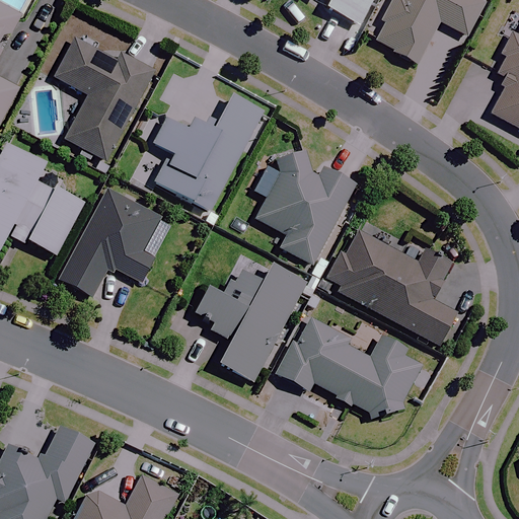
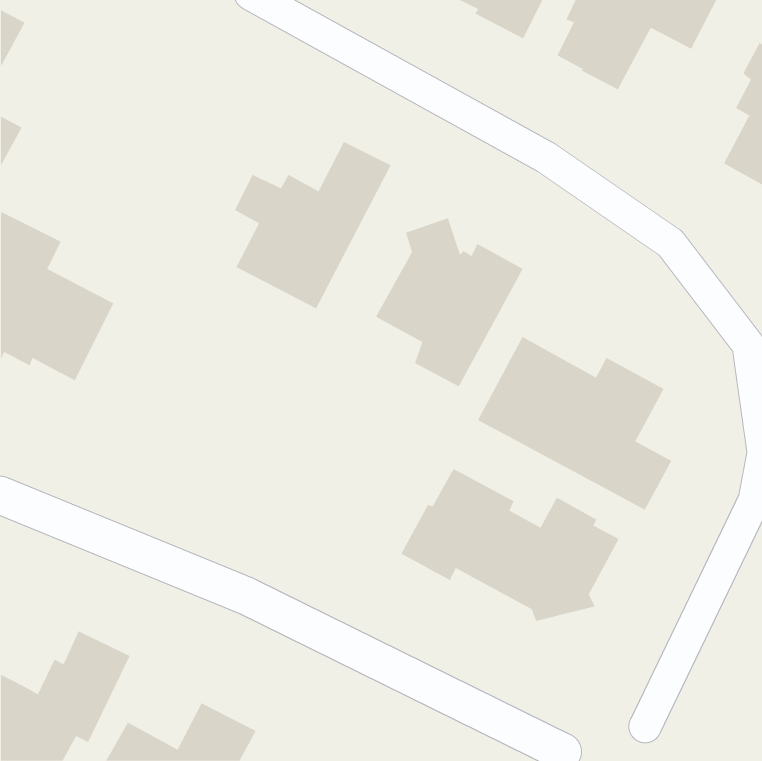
building: [54,39,152,161] -> none
building: [58,189,160,298] -> none
building: [196,263,308,379] -> none

